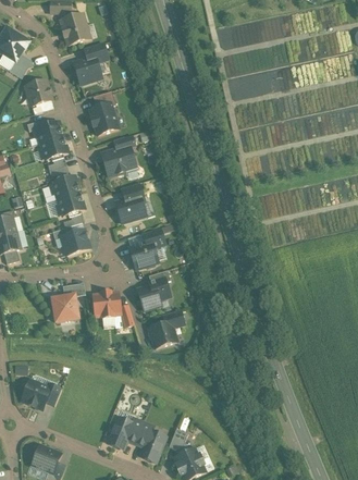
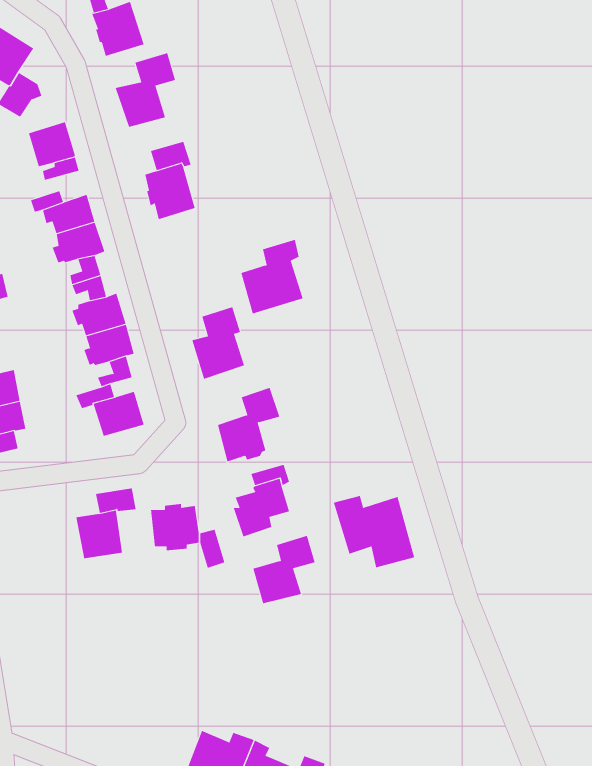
building: [100,134,135,175] -> [240,239,303,314]
building: none -> [333,495,415,568]
building: [22,382,52,411] -> none

